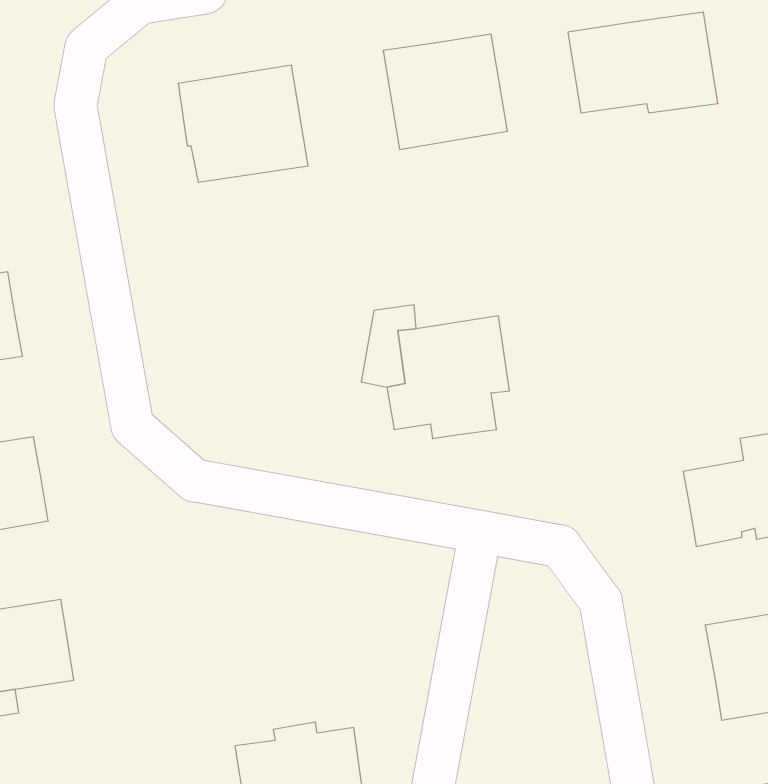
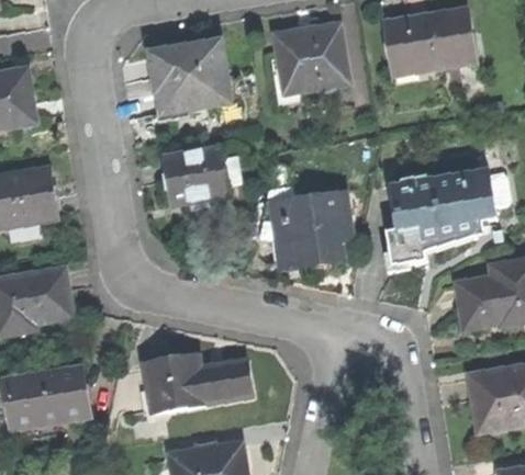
building: none -> [164,148,227,204]
building: none -> [387,171,495,265]
building: none -> [144,353,253,411]

